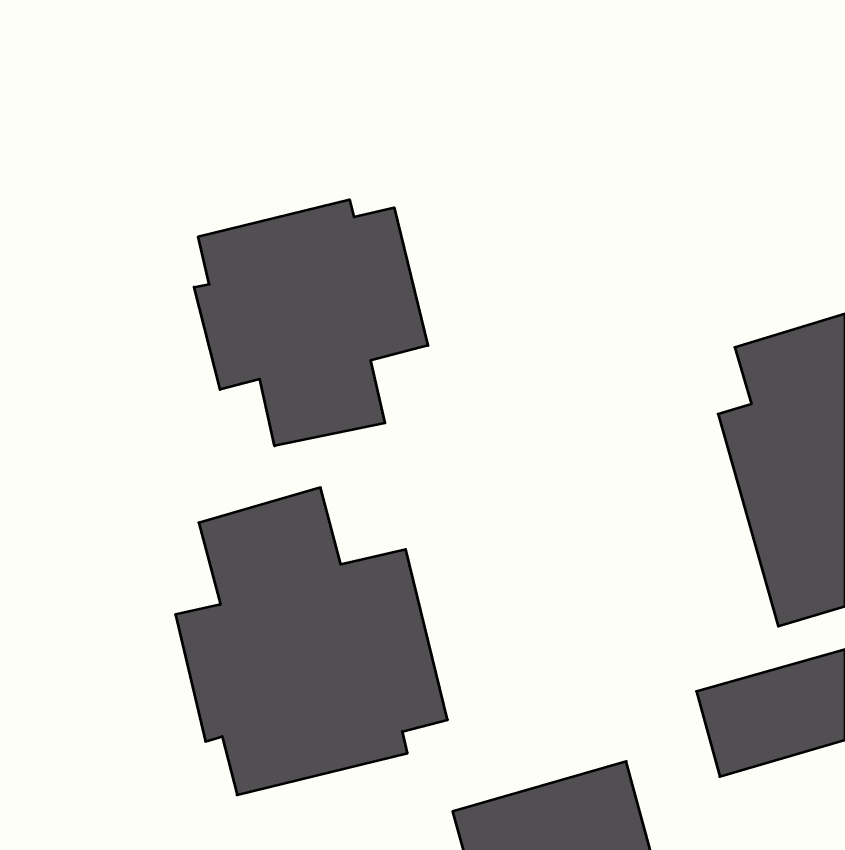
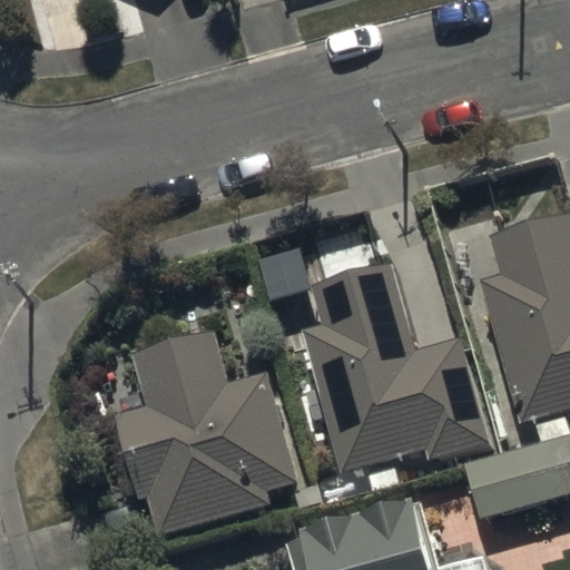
building: [194,200,428,446] -> none
building: none -> [299,265,488,473]

